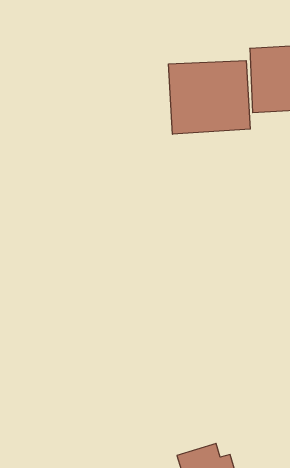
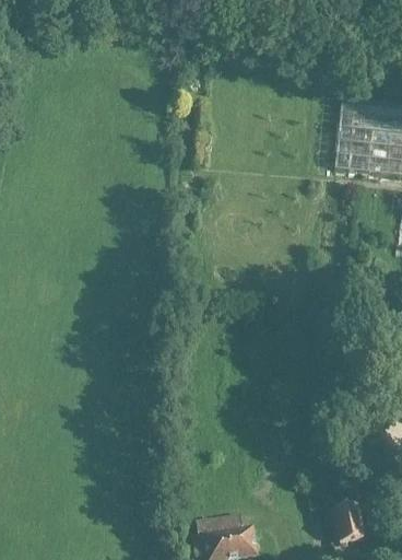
building: [169,61,250,134] -> none

